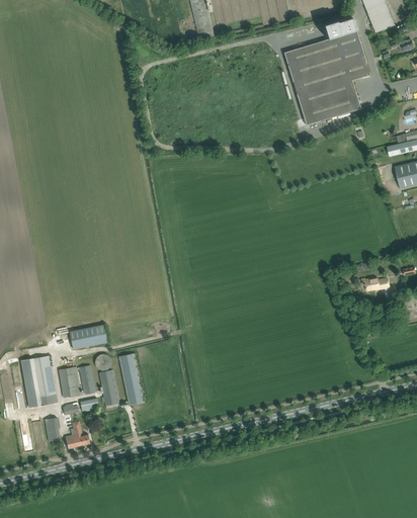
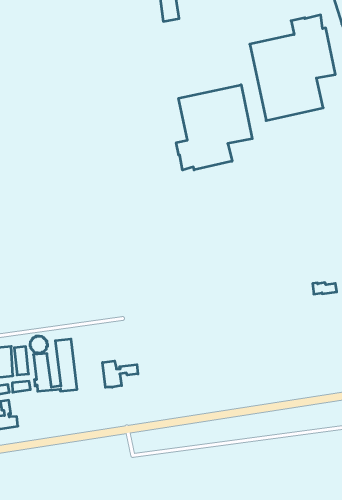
building: none -> [176,85,252,170]
building: [70,325,108,349] -> none
building: none -> [103,361,138,387]

